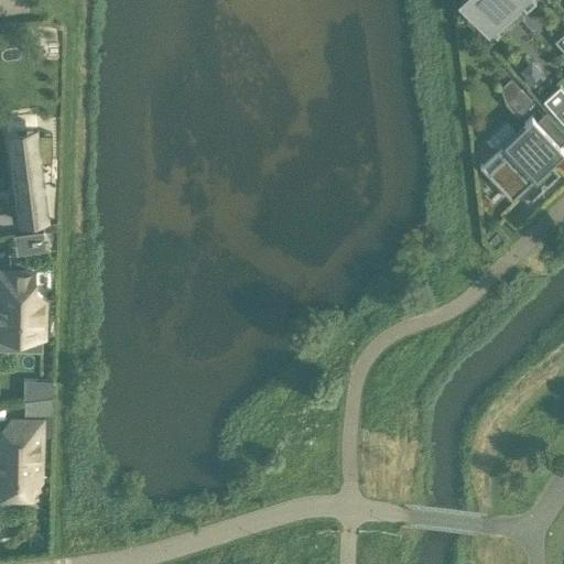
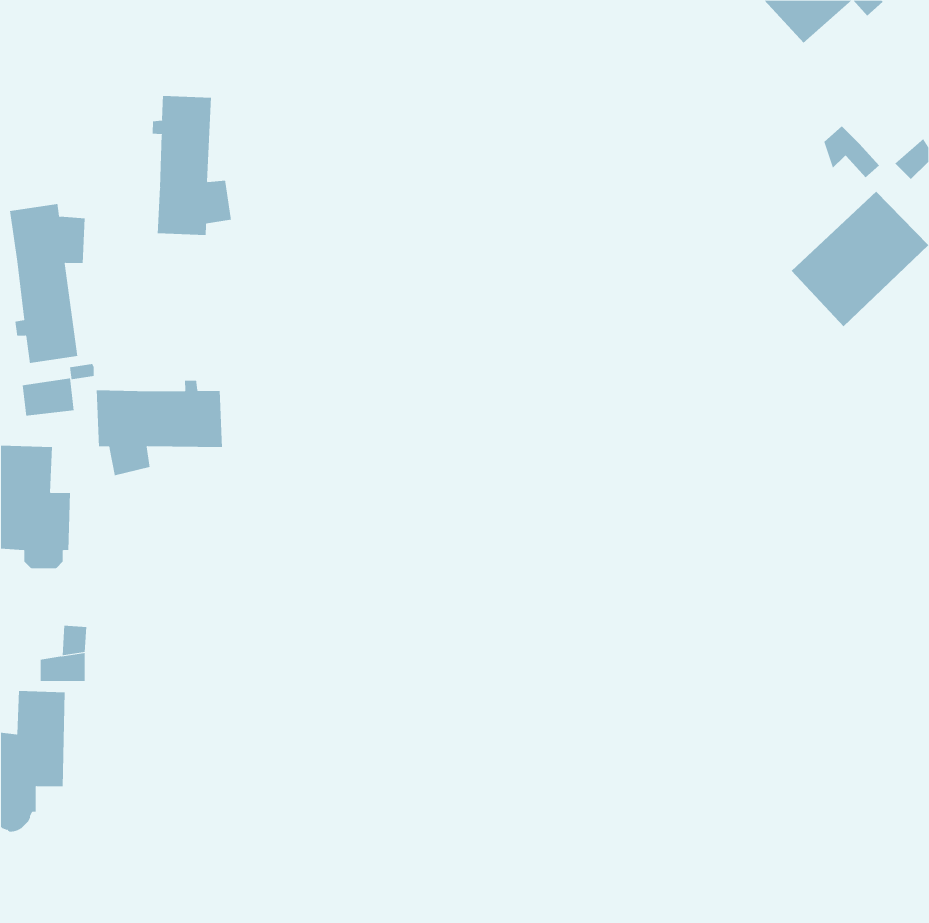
building: none -> [152,95,231,236]
building: none -> [96,380,222,476]

